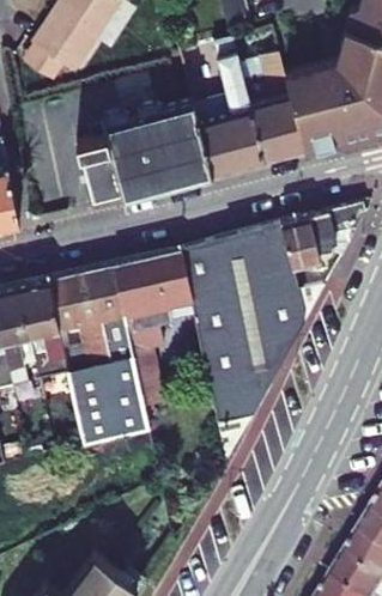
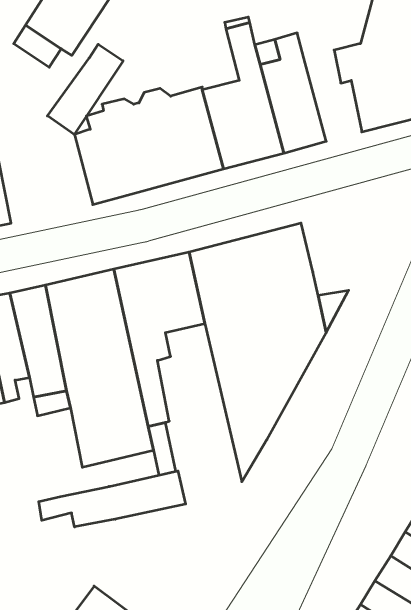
building: none -> [47,44,123,134]
building: [284,67,336,150] -> none
building: [281,202,364,268] -> none
building: none -> [39,471,186,527]

